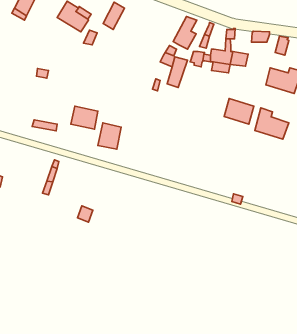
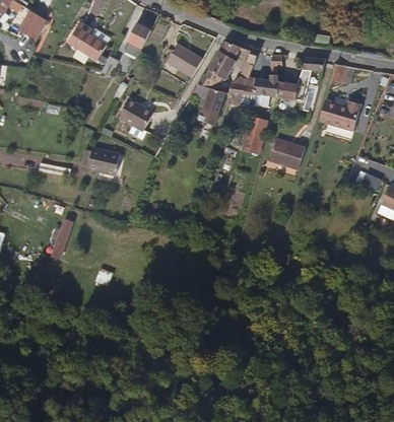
building: none -> [169,45,202,77]
building: none -> [117,97,153,130]
building: none -> [243,117,266,153]
building: [255,108,289,139] -> none
building: [98,123,121,149] -> none

